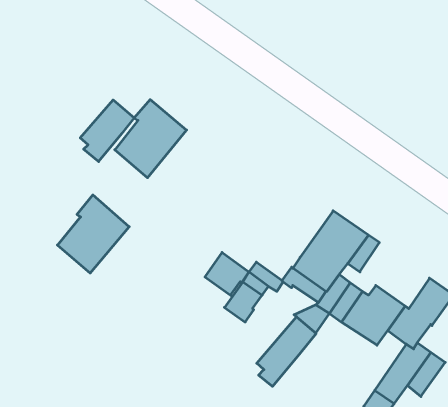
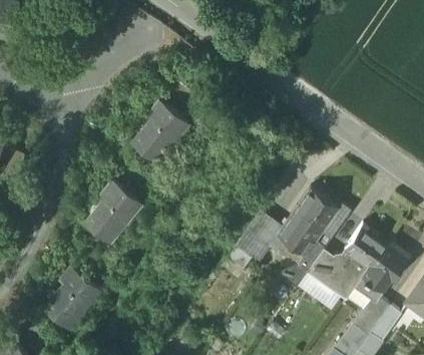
building: [80,100,134,162] -> none
building: [205,252,249,295] -> [247,212,283,247]
building: none -> [345,226,389,270]
building: none -> [42,264,102,328]
building: [257,317,316,386] -> none

